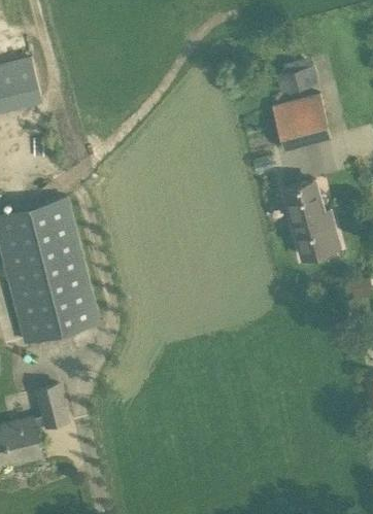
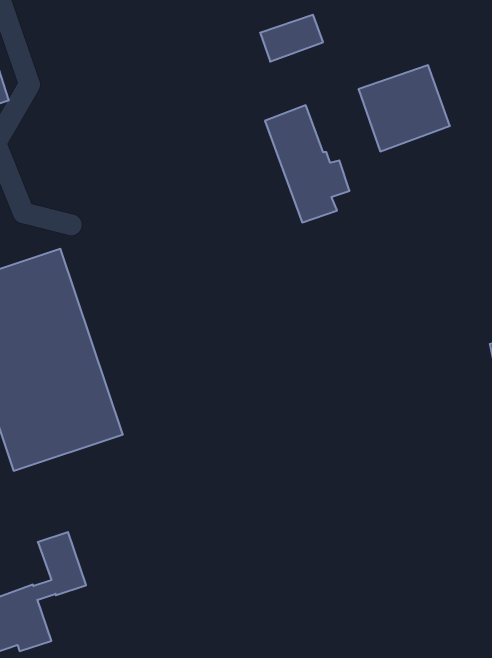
building: [278,66,319,95] -> [260,15,323,62]
building: [286,187,339,265] -> [265,105,350,222]

